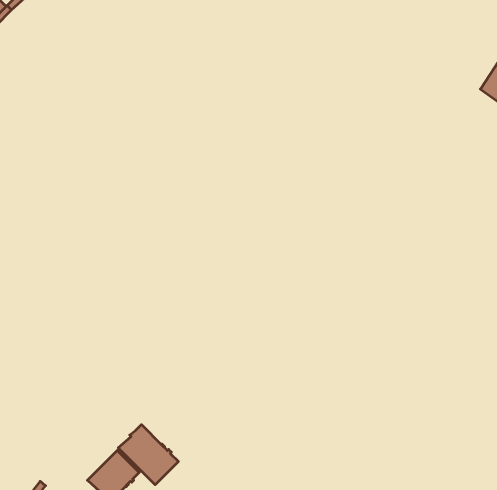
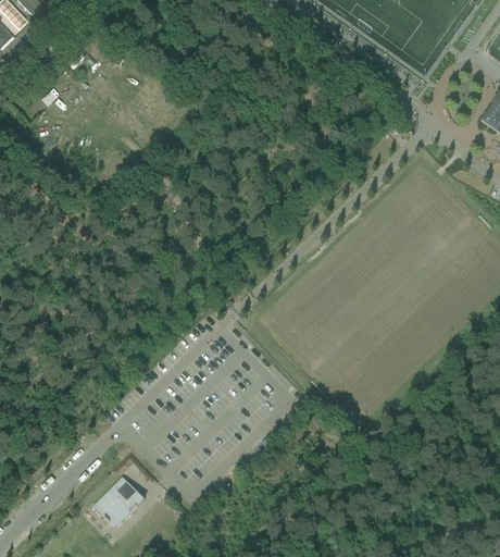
building: [118,425,178,485] -> none

